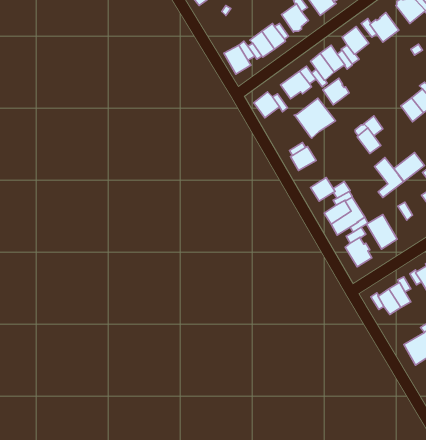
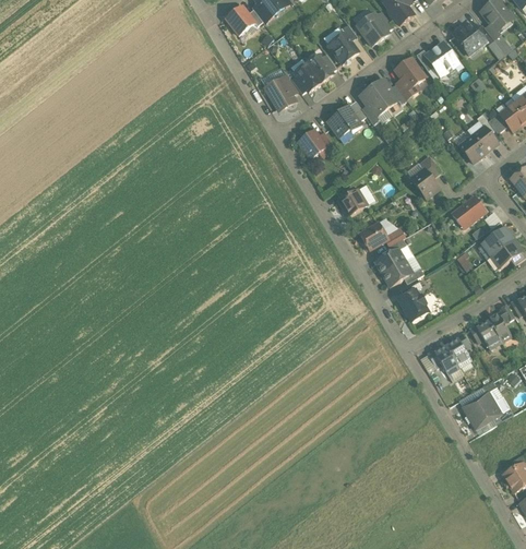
building: [323,78,349,105] -> none
building: [294,98,335,138] -> none
building: [375,158,403,197] -> none
building: [366,215,397,249] -> none

